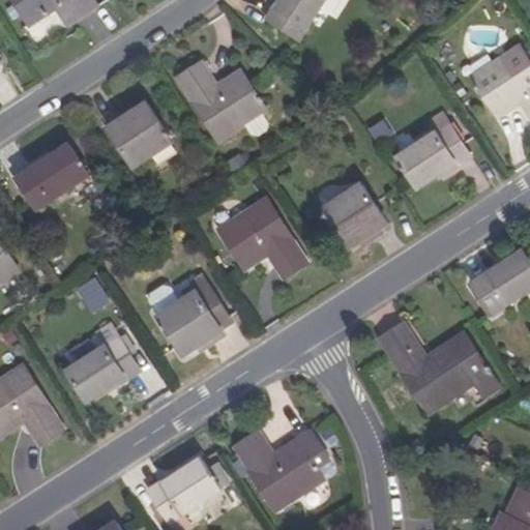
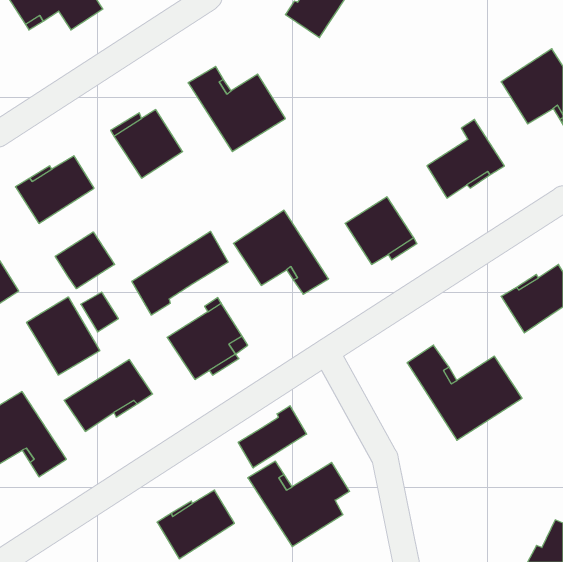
building: none -> [132,231,228,315]
building: none -> [55,232,115,289]
building: none -> [27,297,100,375]
building: none -> [238,406,307,468]

